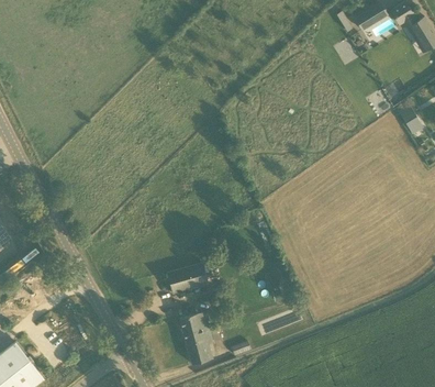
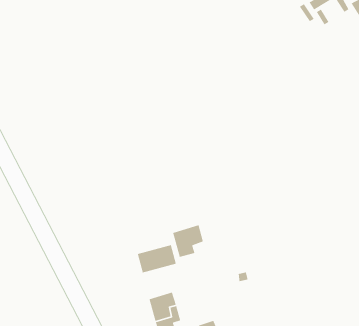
building: none -> [172,224,204,258]

